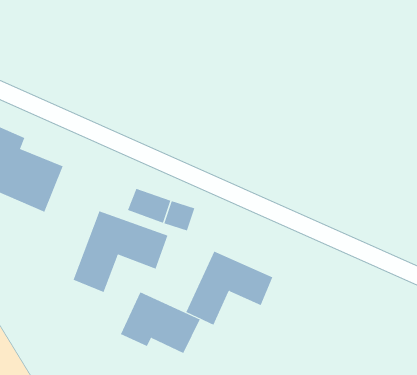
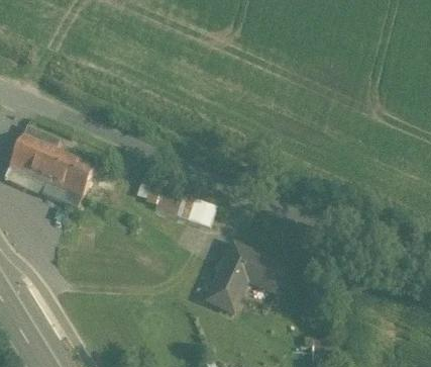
building: [73,210,168,293] -> none
building: [120,291,200,354] -> none

